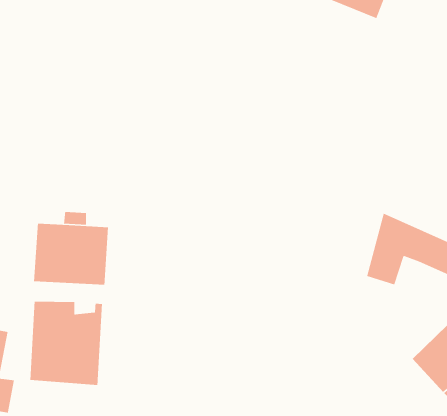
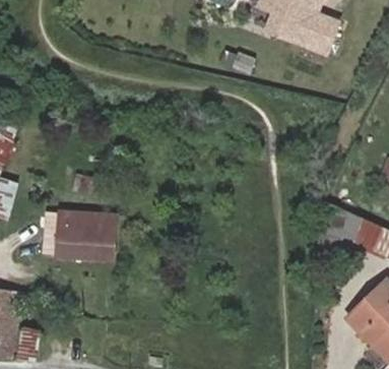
building: [30,301,103,386] -> none

